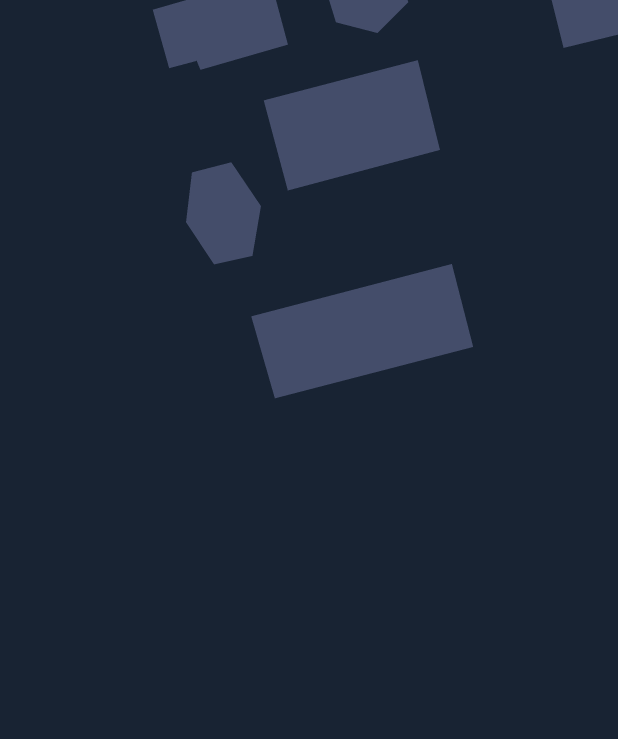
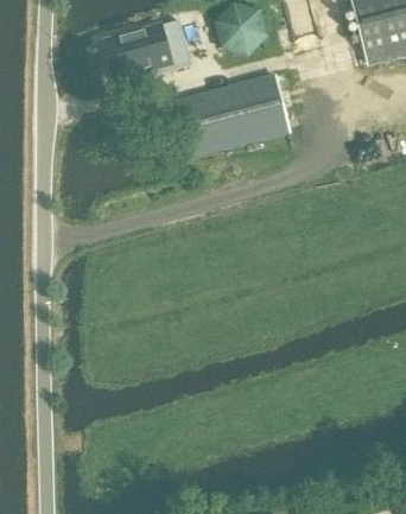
building: [185,162,261,265] -> none
building: [251,263,474,399] -> none

